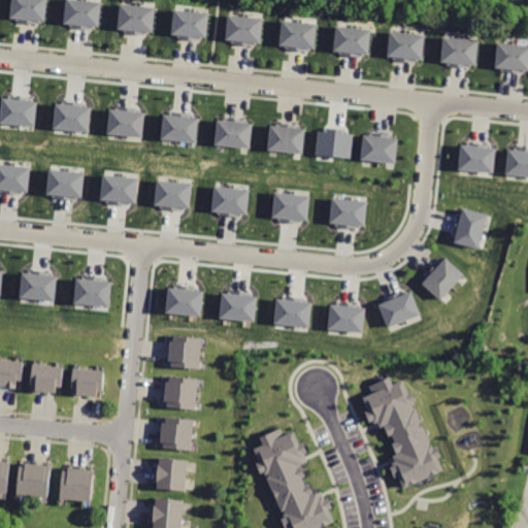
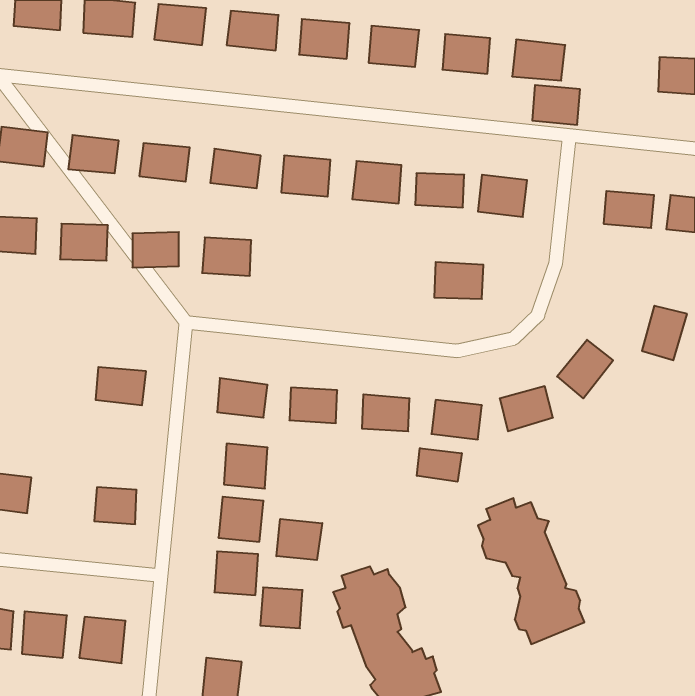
building: [441,36,477,66] -> [532,85,580,125]
building: [210,188,246,213] -> none
building: [270,192,308,222] -> none
building: [452,208,486,250] -> [642,306,687,360]
building: [18,272,56,302] -> none
building: none -> [417,448,462,482]
building: [30,364,63,393] -> none
building: none -> [276,519,322,560]
building: [156,459,188,490] -> [260,587,303,628]

